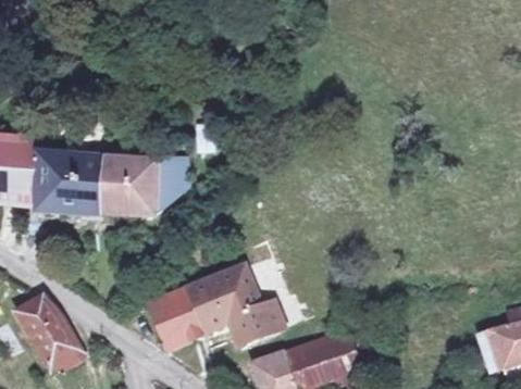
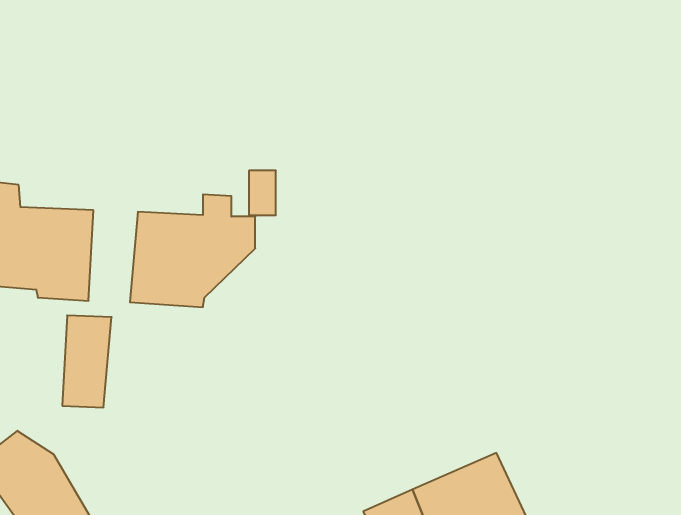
building: [82,150,115,213] -> [62,315,112,407]
building: [157,266,296,346] -> none

